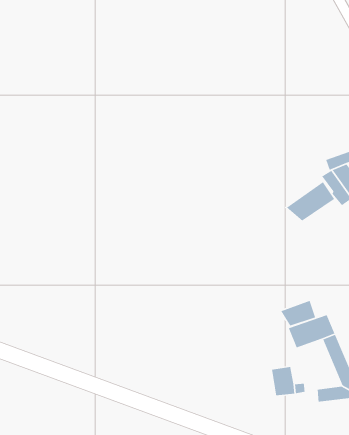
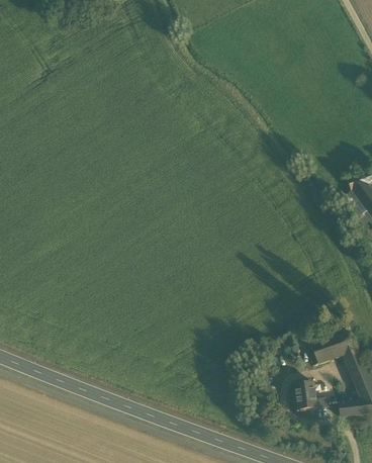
building: [286,181,335,222] -> none
building: [280,300,316,327] -> none

